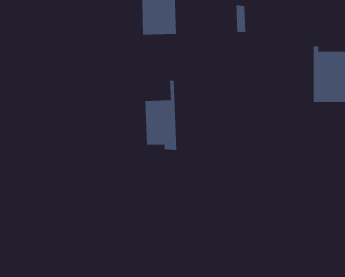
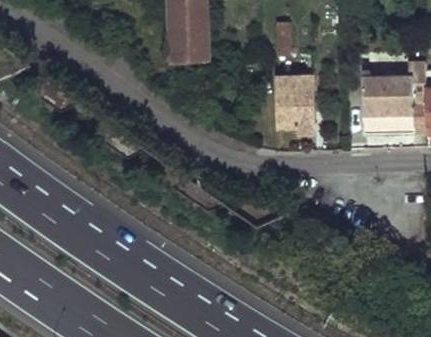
building: [144,80,177,150] -> [276,54,313,133]

